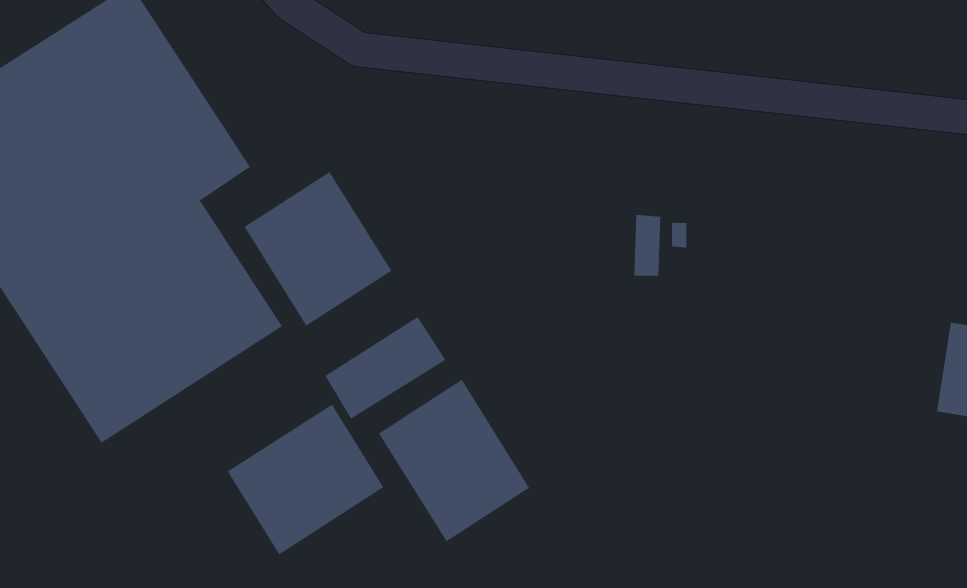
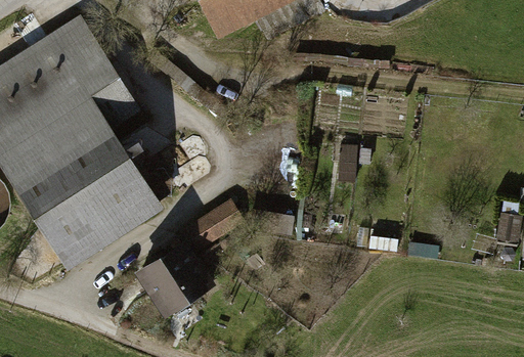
building: [244,171,392,326] -> none
building: [378,379,530,542] -> none

